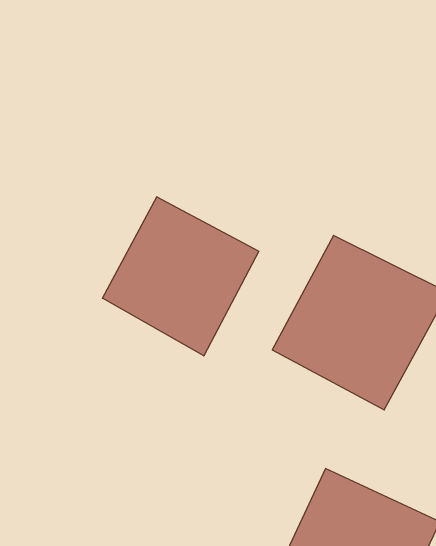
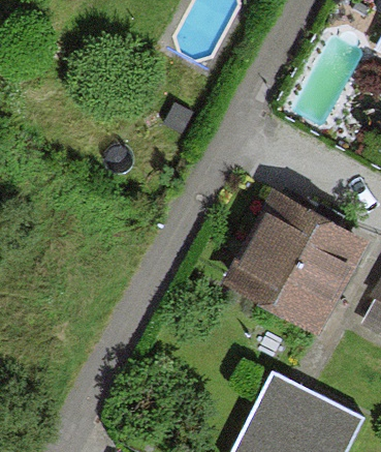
building: [102,197,259,356] -> none

